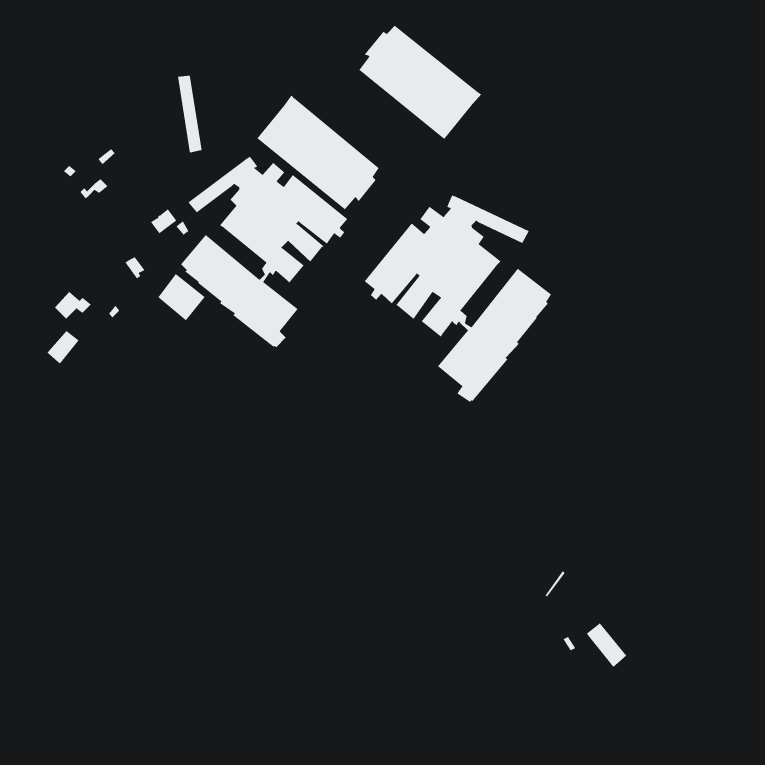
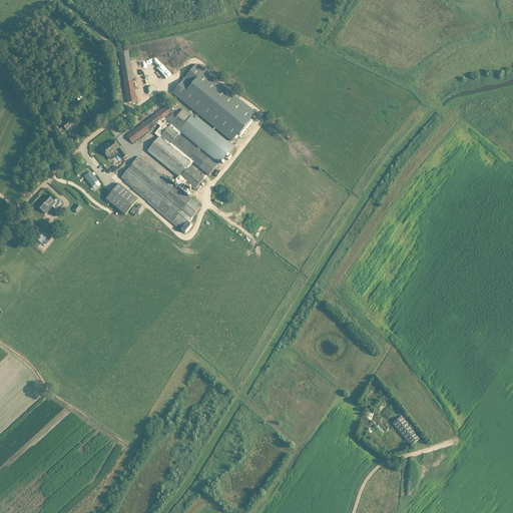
building: [358,25,482,140] -> none
building: [364,195,552,403] -> none

